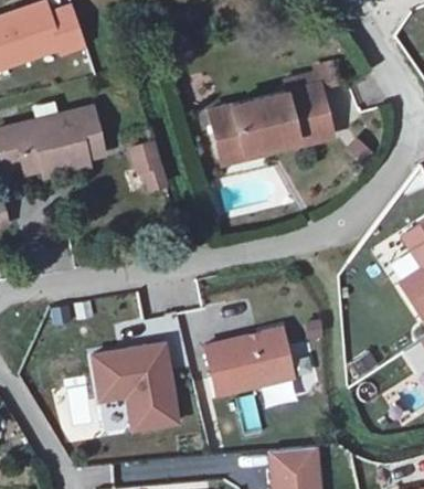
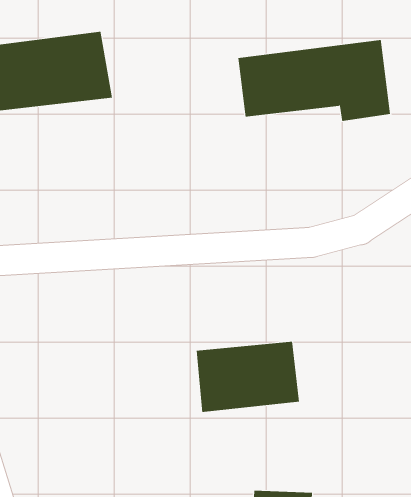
building: [126,132,162,185] -> none
building: [89,341,174,427] -> none

